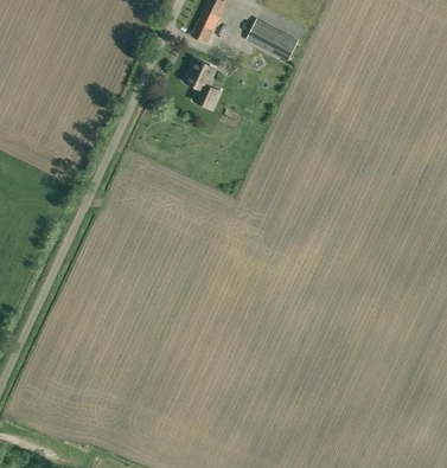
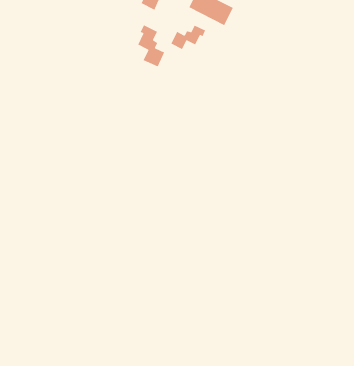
building: none -> [170,24,206,50]

